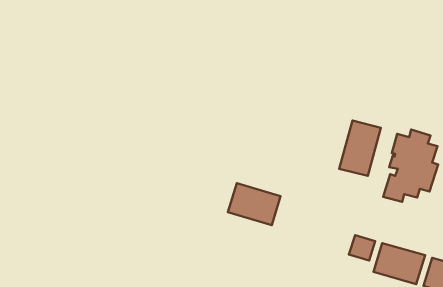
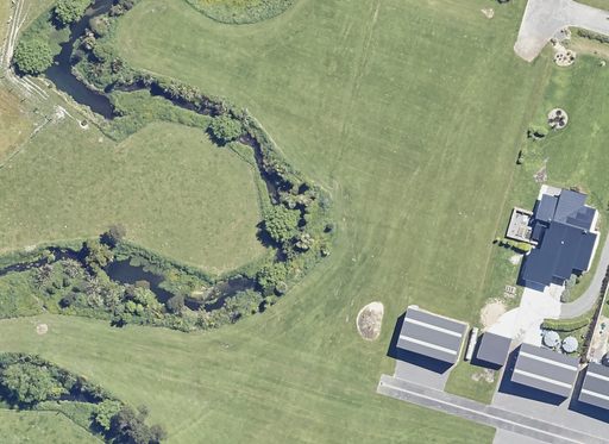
building: [339,121,381,176] -> none
building: [228,183,280,225] -> [396,307,467,364]

